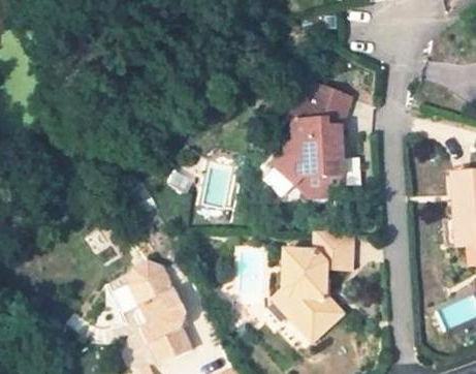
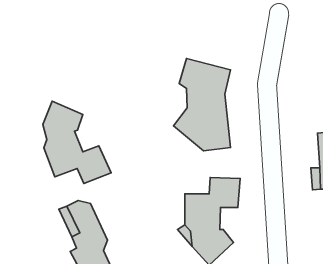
building: none -> [43,101,111,184]

